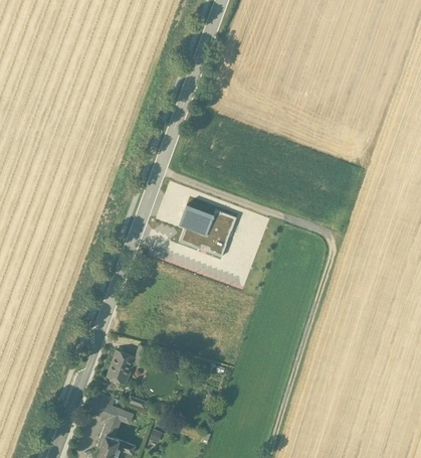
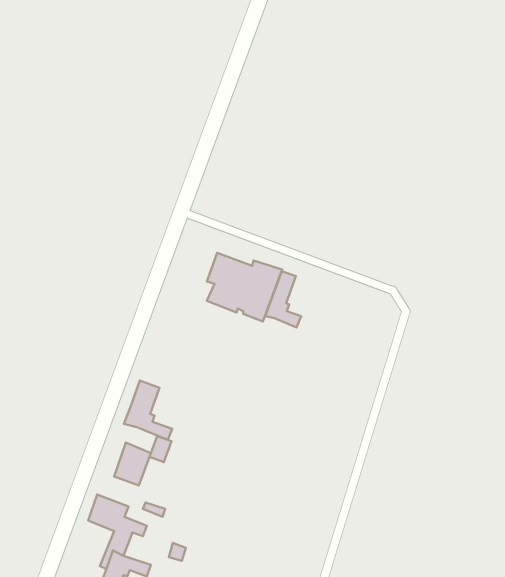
building: none -> [265,271,301,328]
building: none -> [124,381,172,440]

